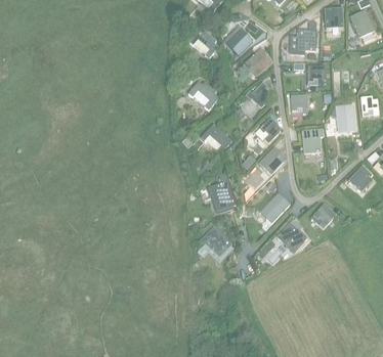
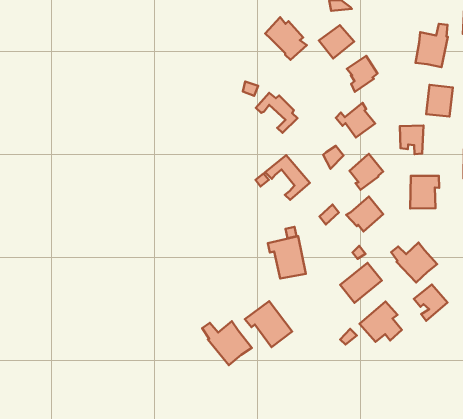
building: none -> [391,243,437,282]
building: none -> [202,321,252,365]

